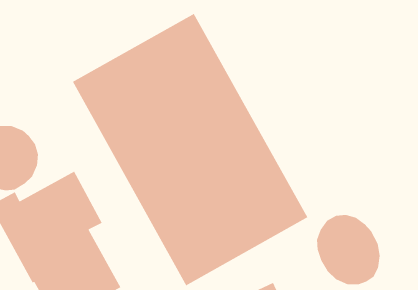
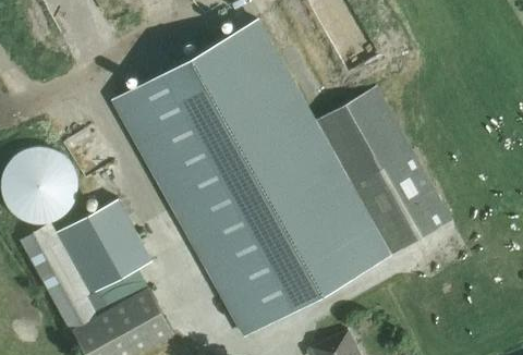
building: none -> [315,88,452,256]
building: [316,214,381,285] -> none

